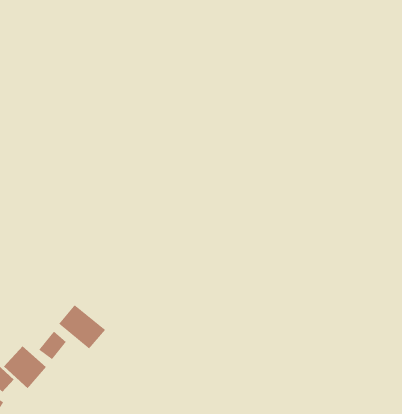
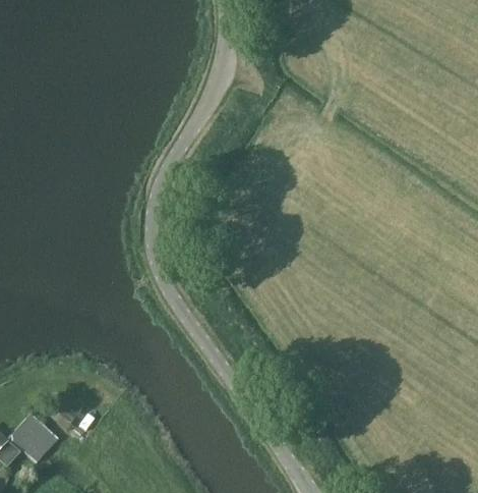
building: [58,304,106,350] -> none

